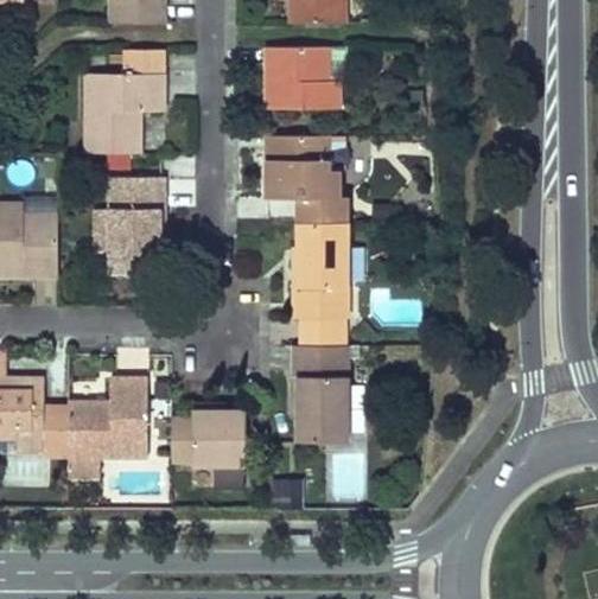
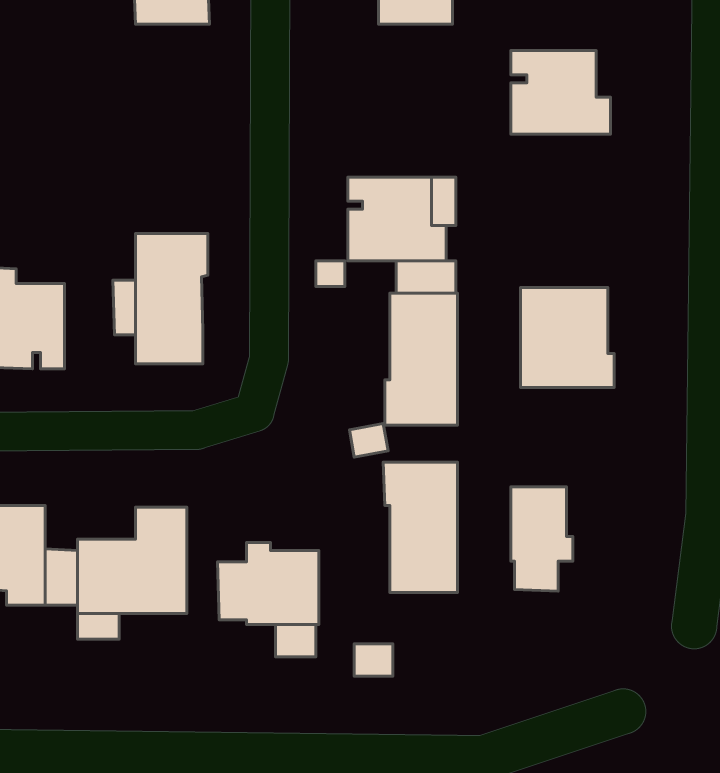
building: [265,46,338,108] -> [511,51,611,134]
building: [84,49,164,152] -> none
building: none -> [521,288,614,387]
building: [300,318,346,345] -> none
building: none -> [511,487,573,591]

